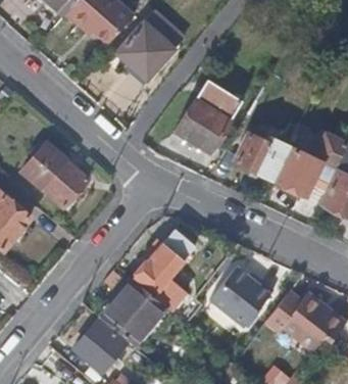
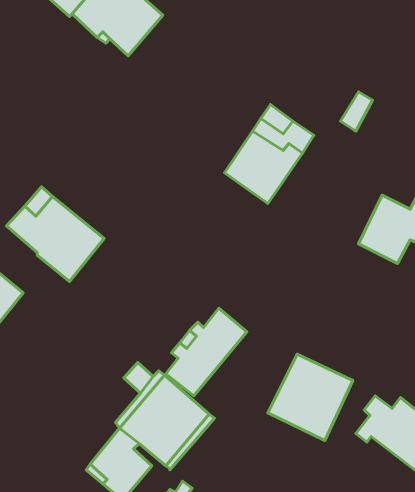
building: [117,21,172,77] -> none
building: [233,133,293,183] -> none

